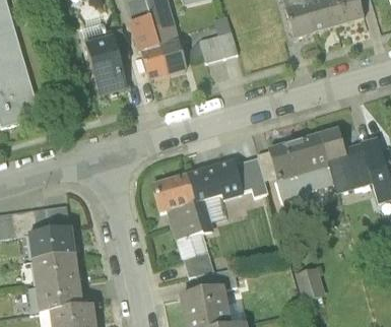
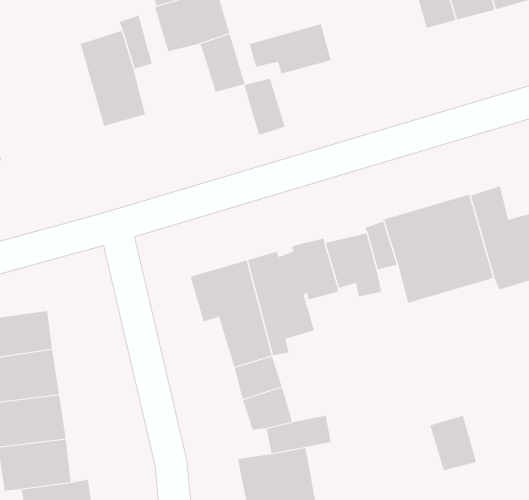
building: [141,44,167,78] -> [243,78,286,135]

